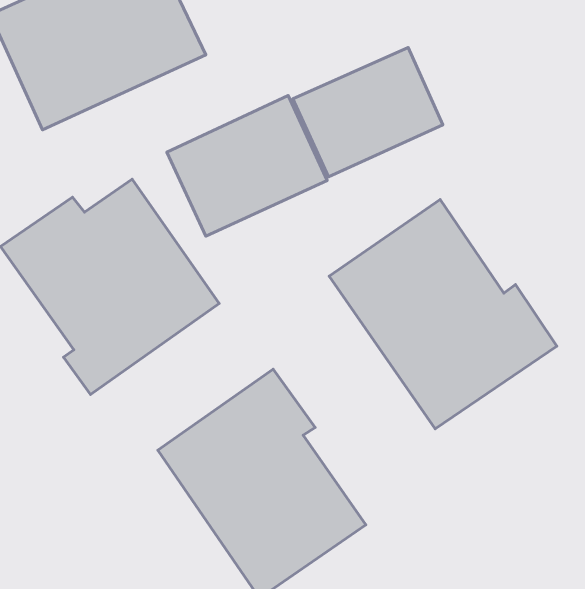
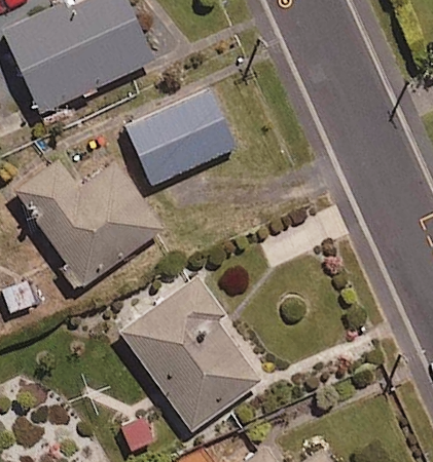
building: [293,48,443,177] -> none
building: [329,200,557,429] -> none

